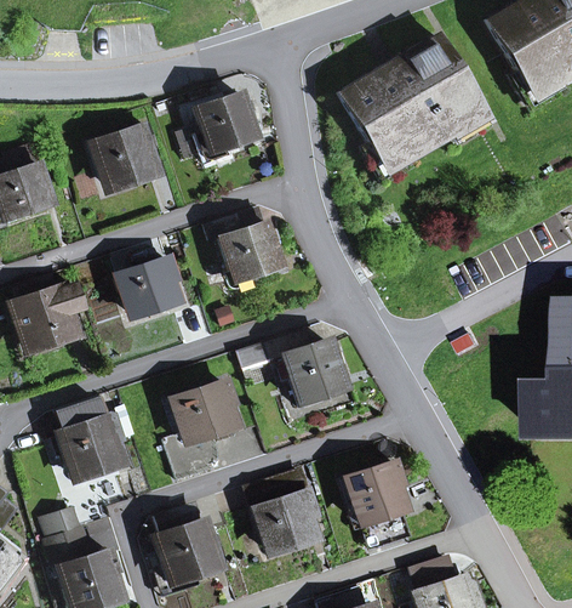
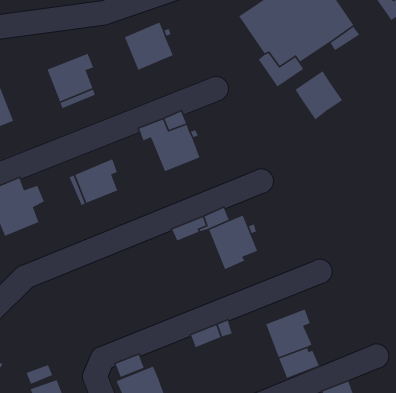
building: none -> [294,70,343,121]
building: [165,382,235,479] -> none
building: [53,398,121,476] -> none
building: [256,493,314,550] -> none

